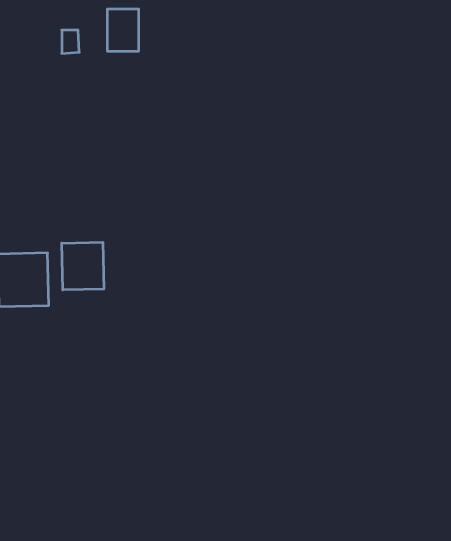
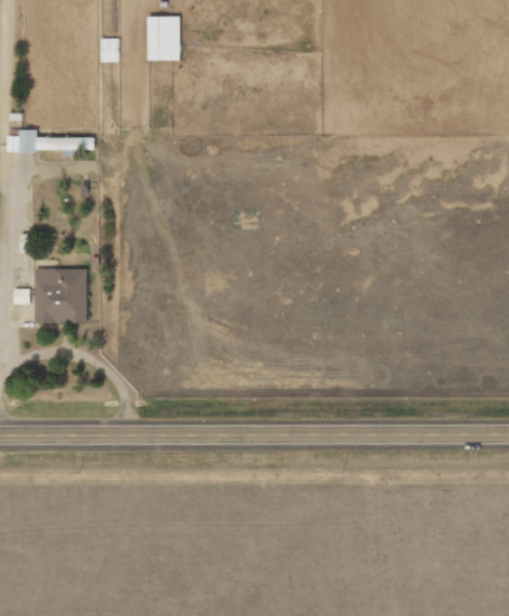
building: [62,242,104,290] -> none

